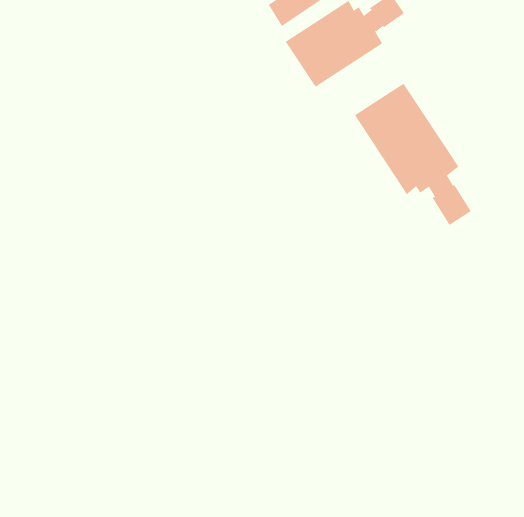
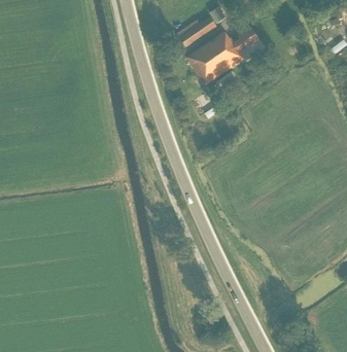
building: [354,83,472,226] -> none

